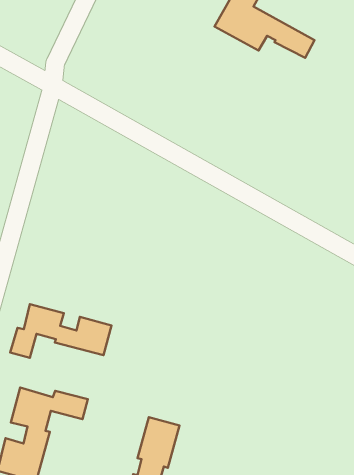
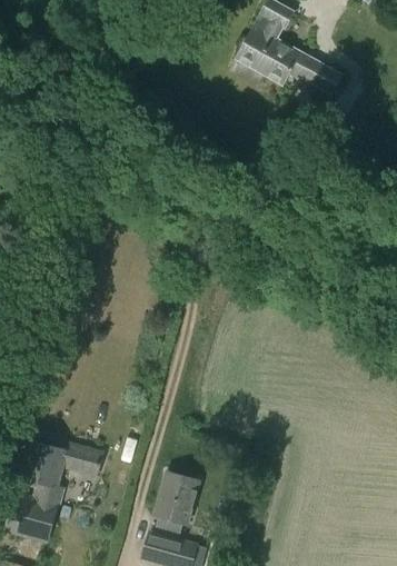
building: [10,304,112,358] -> none

